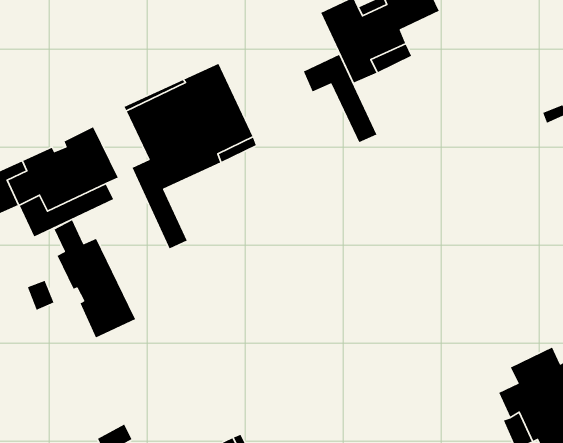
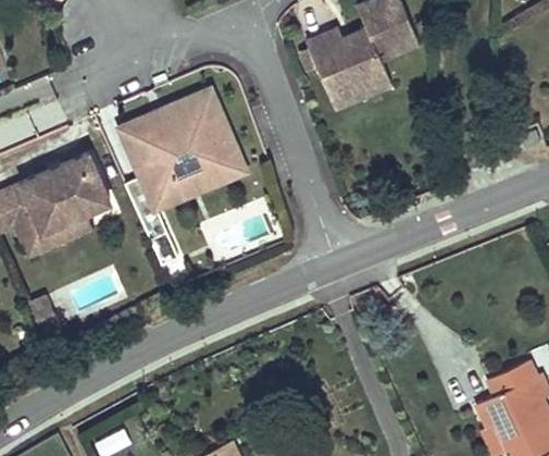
building: [303,54,377,143] -> none
building: [53,219,136,338] -> none

